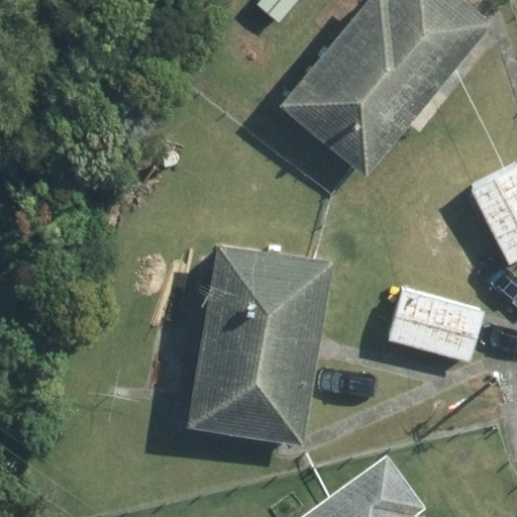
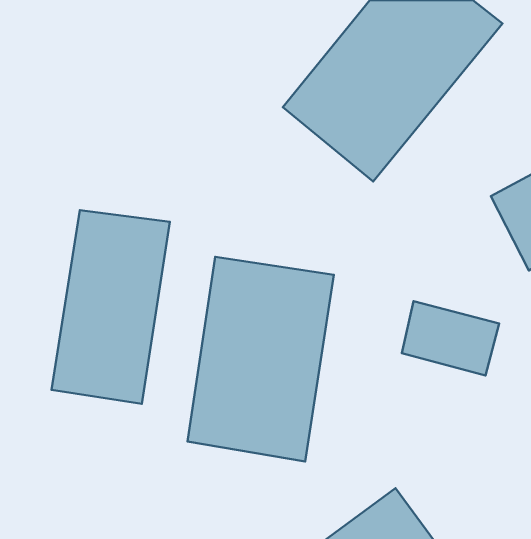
building: none -> [52,210,170,404]

